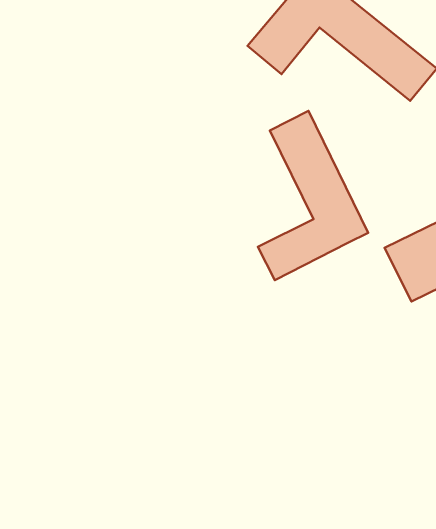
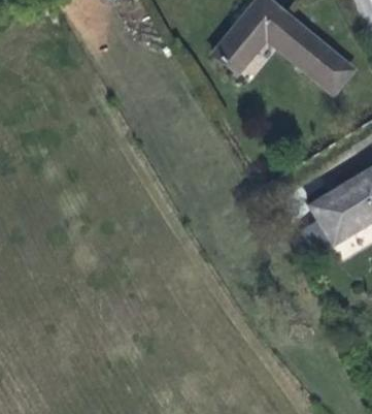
building: [258,111,368,280] -> none

